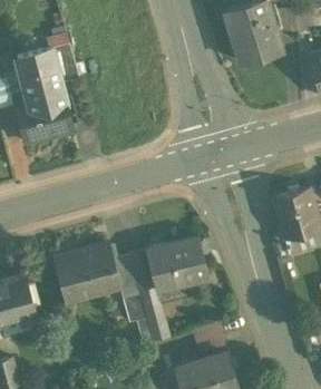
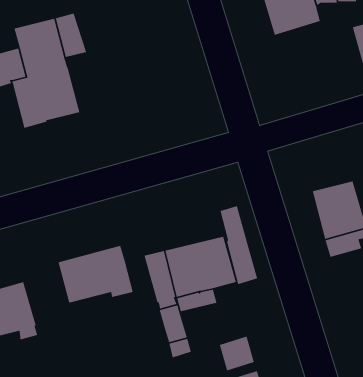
building: [113,253,146,322] -> [220,205,258,285]

